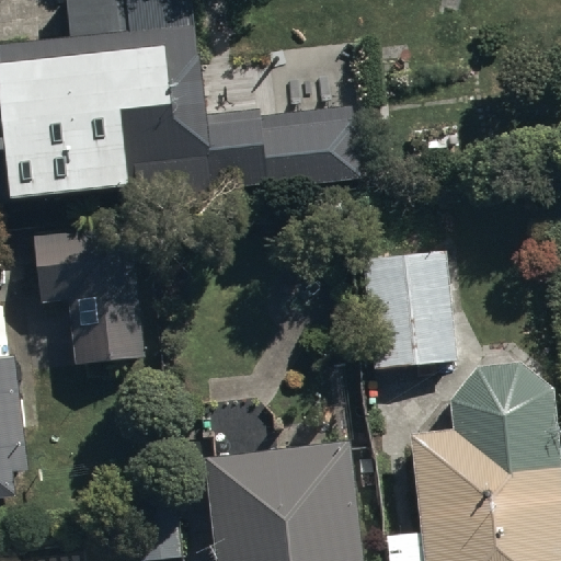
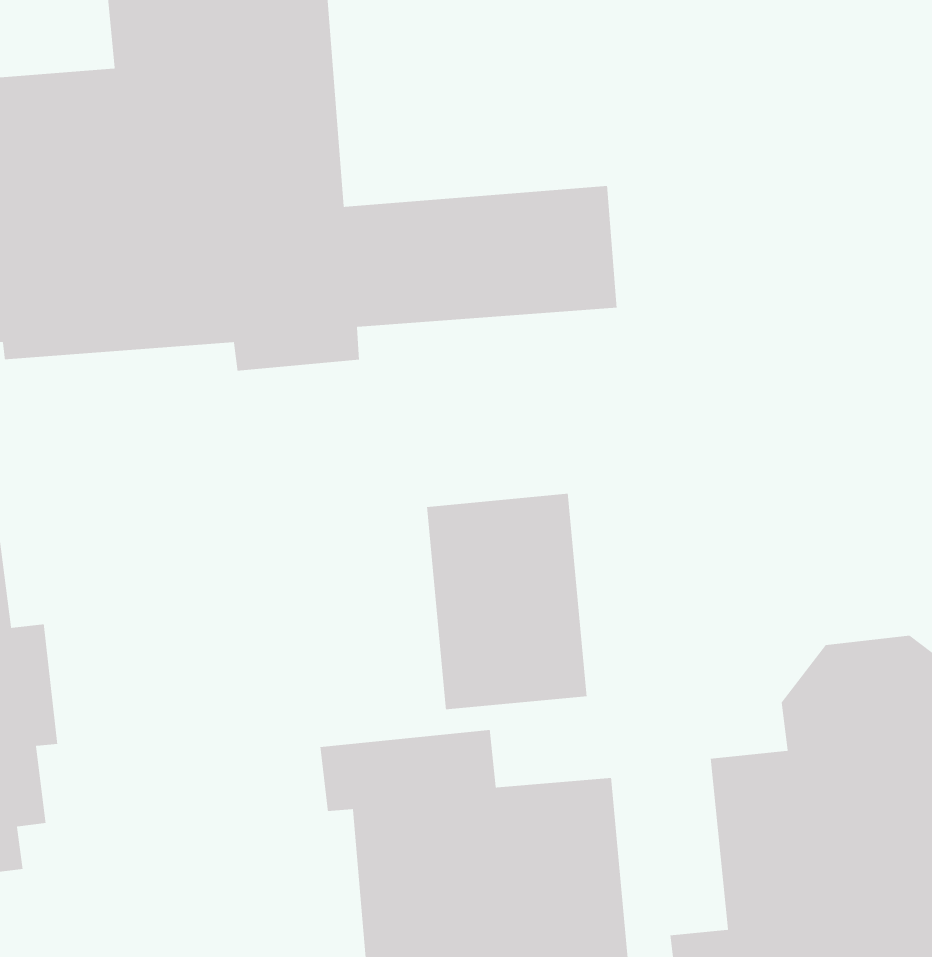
building: [32,220,150,366] -> none
building: [362,245,454,369] -> [426,493,588,710]

